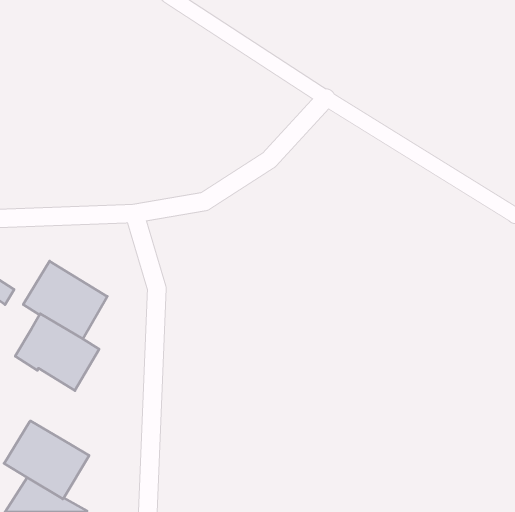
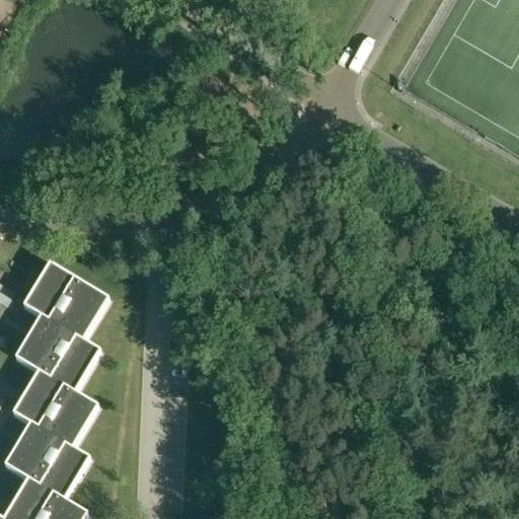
building: none -> [12,369,97,446]

